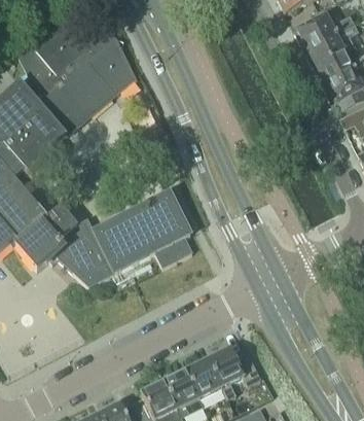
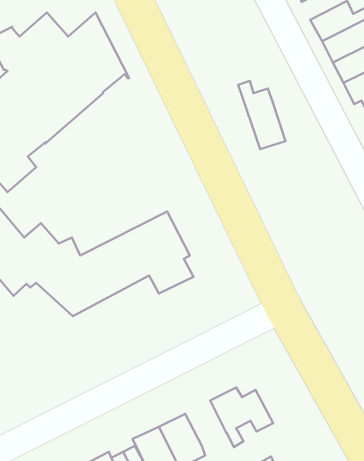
building: none -> [238,81,286,149]
building: [185,358,221,397] -> none

